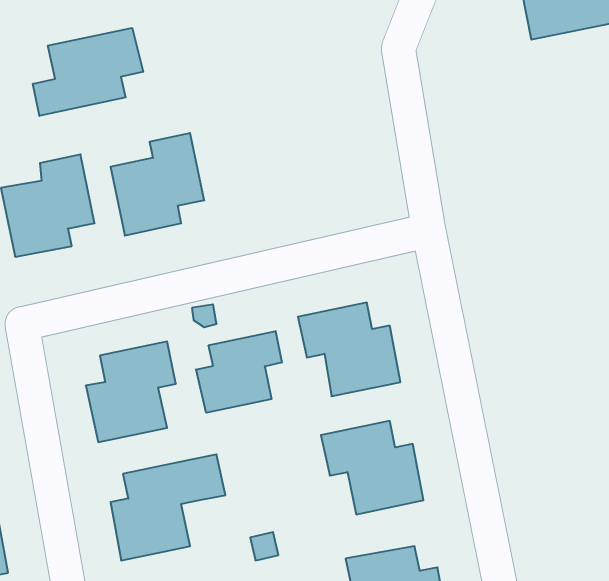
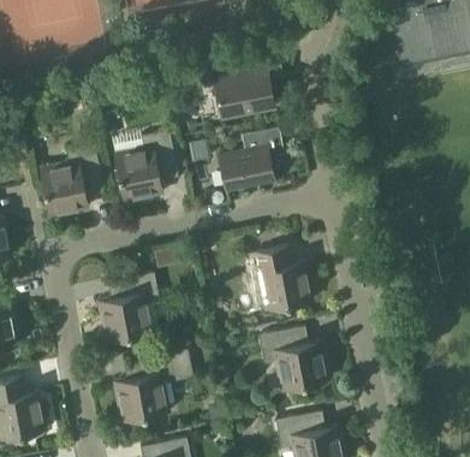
building: none -> [215,46,284,118]
building: [33,28,143,116] -> none
building: none -> [220,127,285,190]
building: [196,331,282,413] -> none

